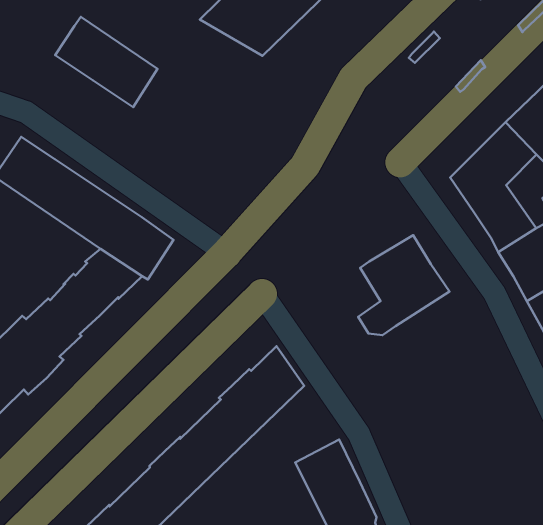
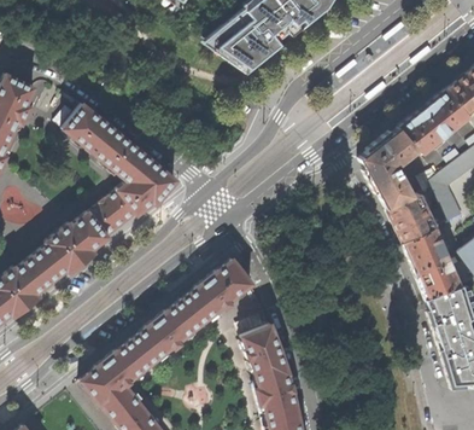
building: [55,17,157,107] -> none
building: [358,235,449,335] -> none

